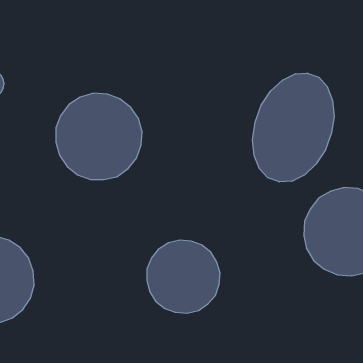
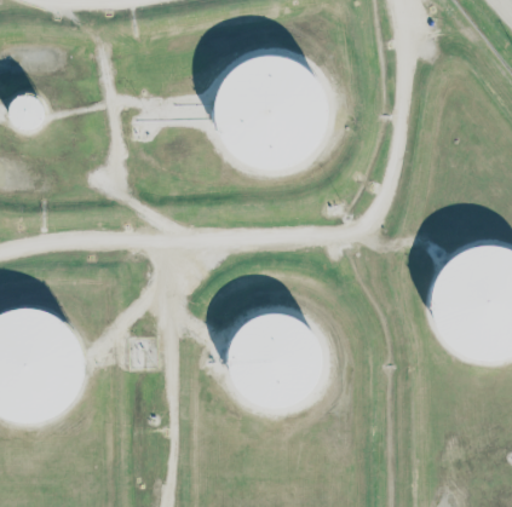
building: [252,73,334,182] -> none
building: [56,93,142,180] -> [214,56,326,167]

